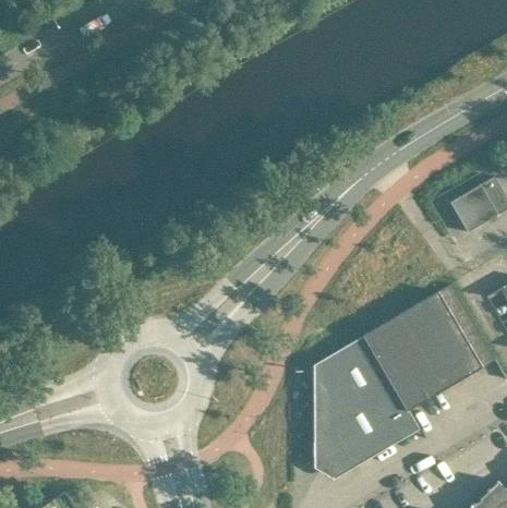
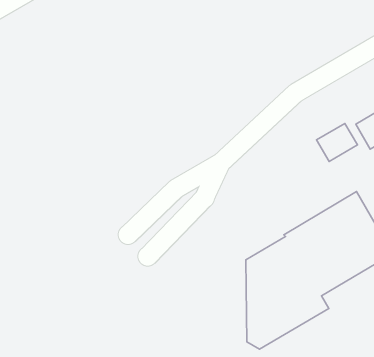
building: none -> [316,123,358,161]

